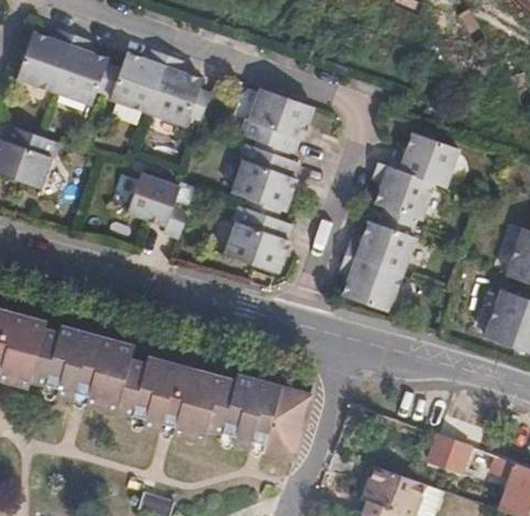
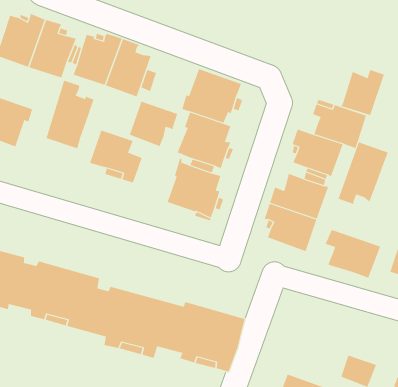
building: none -> [341,69,384,116]
building: none -> [46,80,94,149]
building: none -> [129,101,178,147]
building: none -> [338,142,388,205]
building: none -> [325,229,381,279]

